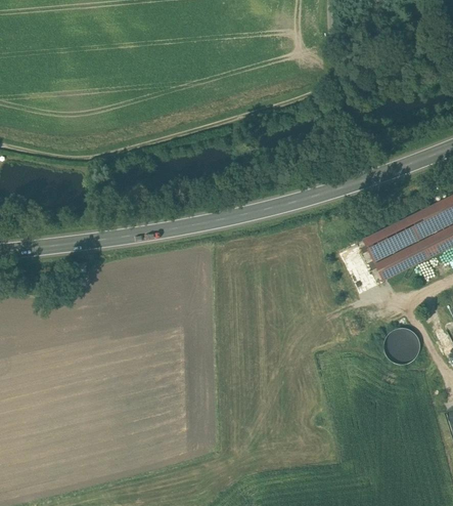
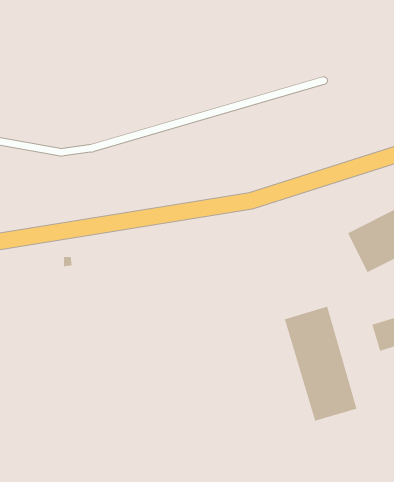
building: none -> [284,306,357,421]

